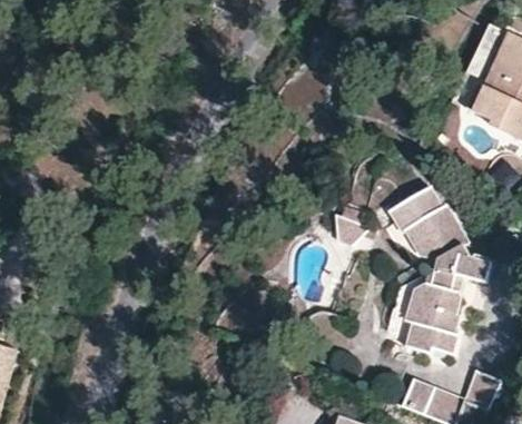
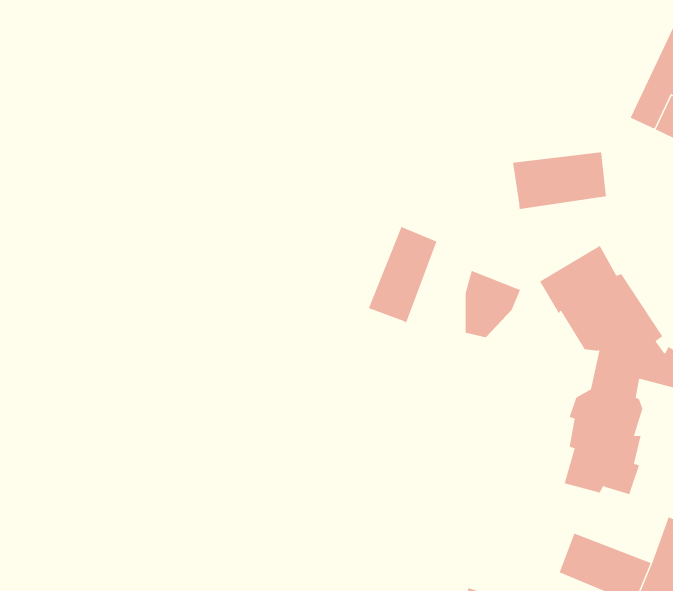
building: none -> [513,151,607,210]
building: none -> [368,226,437,323]

